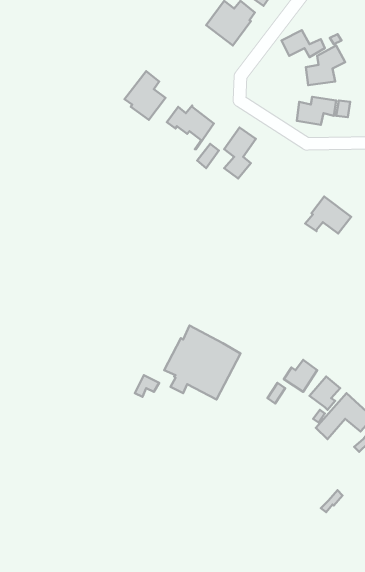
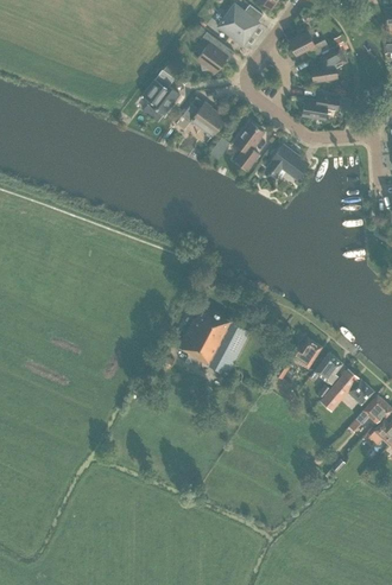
building: none -> [197,31,234,70]
building: [305,197,351,234] -> [265,144,308,178]

